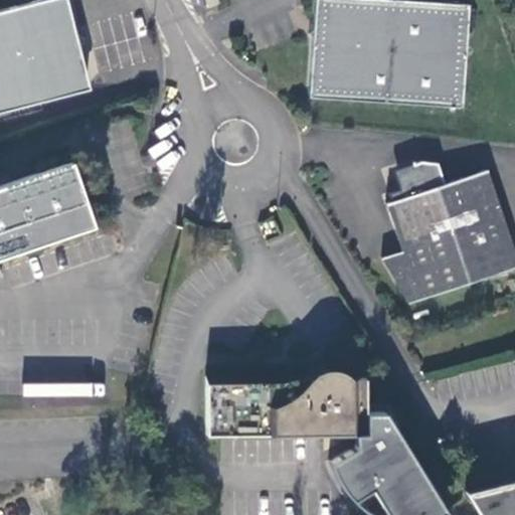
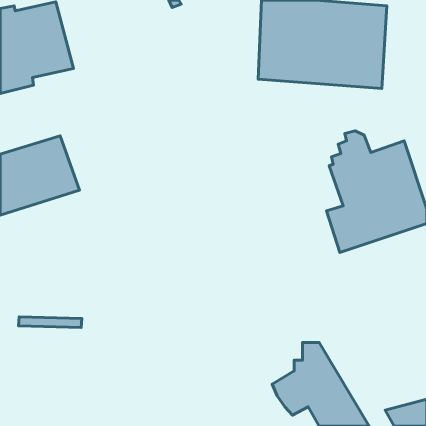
building: [206,359,365,436] -> none

